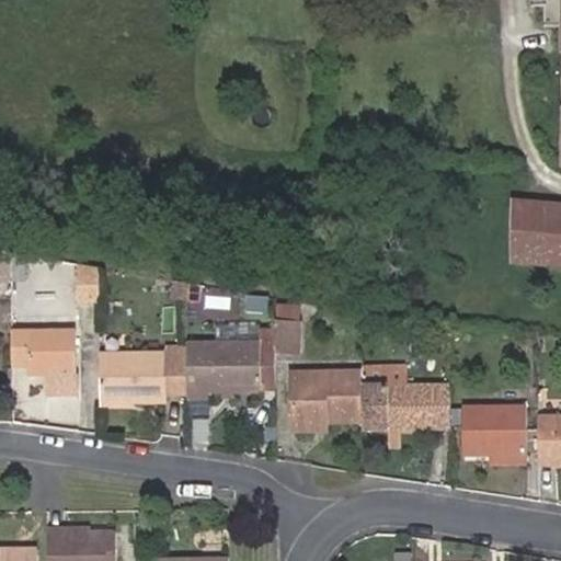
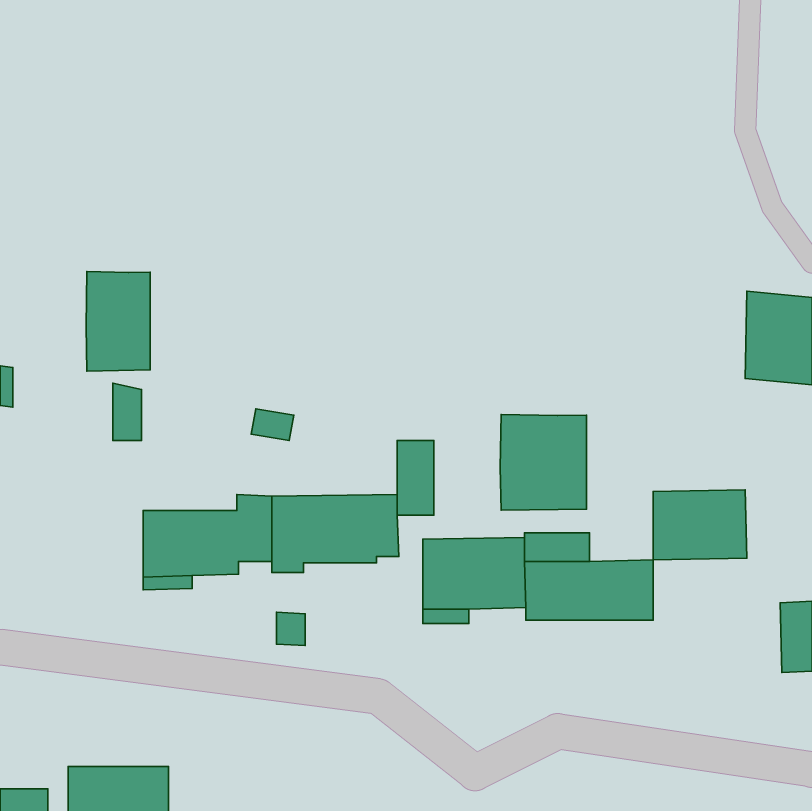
building: none -> [86,272,150,371]
building: none -> [500,415,586,510]
building: [10,307,75,392] -> none
building: [461,407,526,455] -> [653,490,747,560]

